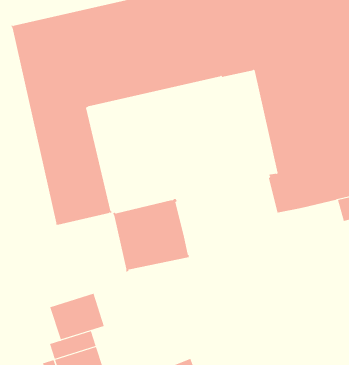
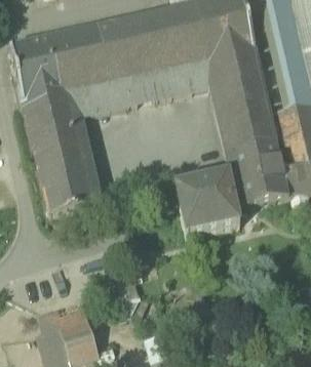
building: [112,199,190,272] -> [174,168,240,231]
building: [50,293,105,340] -> none

